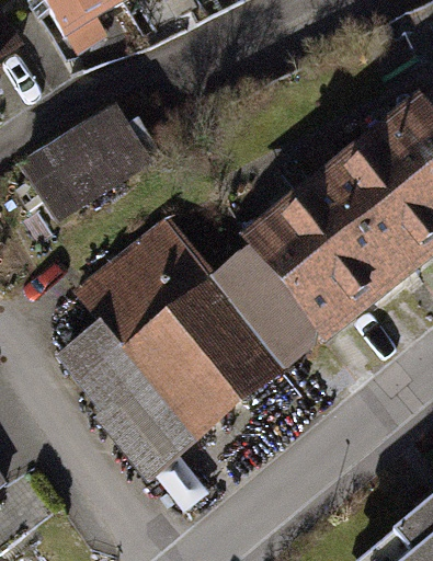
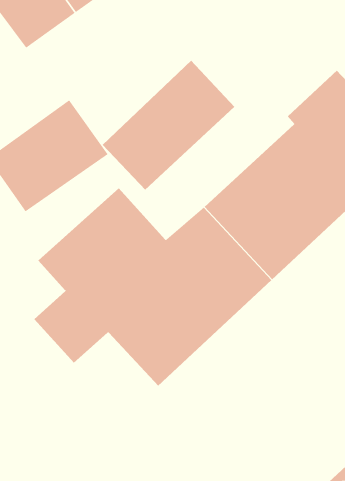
building: none -> [102,60,235,190]
building: [95,371,196,477] -> none

